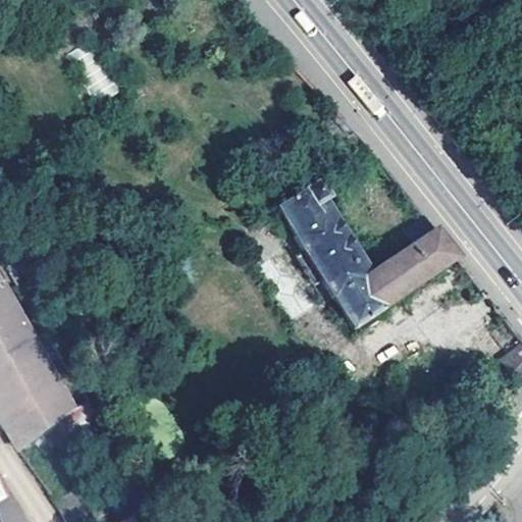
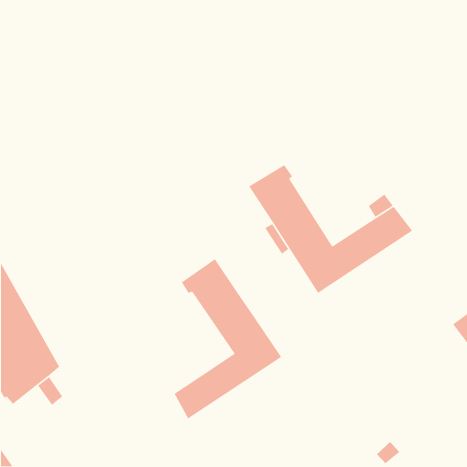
building: none -> [174,258,282,419]

